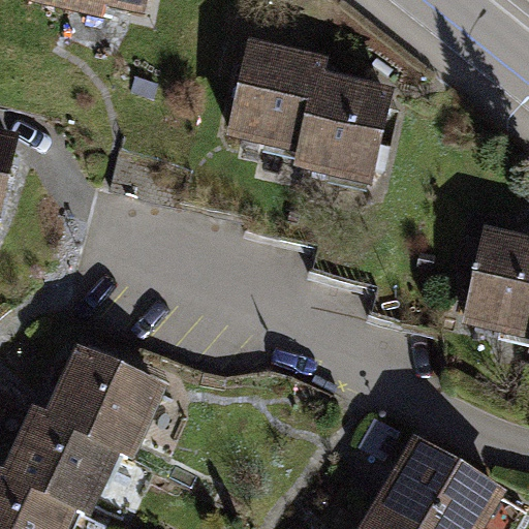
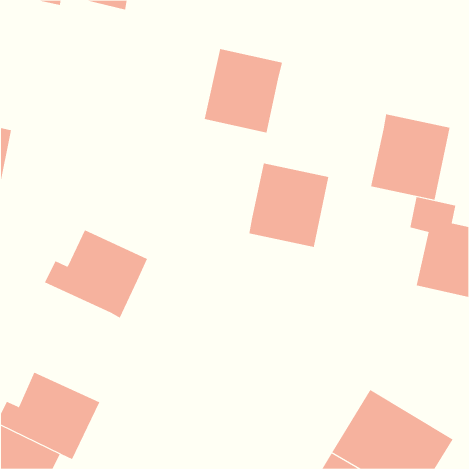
building: [298,87,388,182] -> [248,163,329,247]
building: none -> [371,113,450,200]
building: [38,359,155,459] -> [44,229,148,318]

